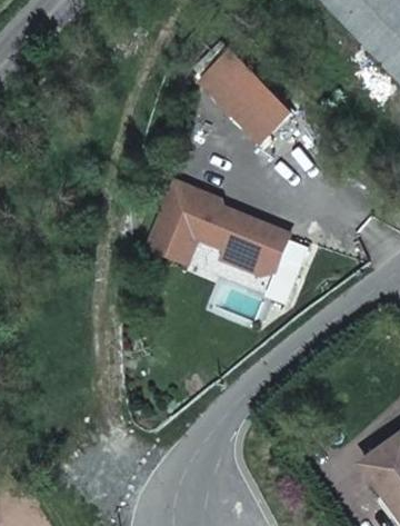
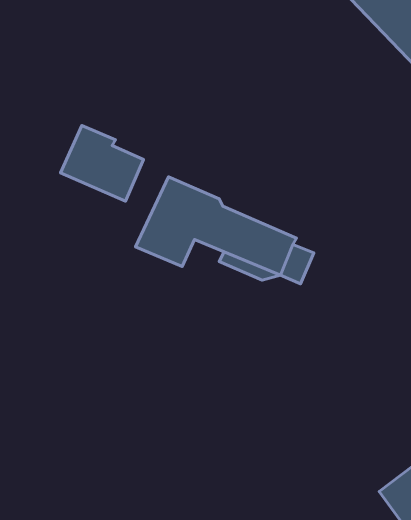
building: [203,50,292,140] -> none
building: none -> [61,126,143,201]

